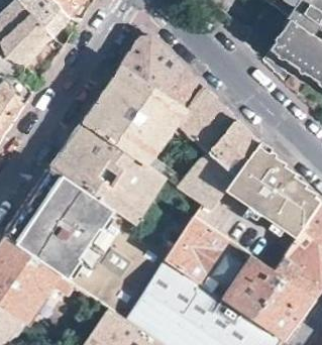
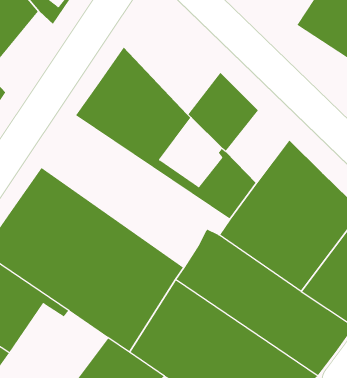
building: [122,36,203,122] -> none
building: [208,119,260,180] -> none
building: [53,123,211,250] -> none

